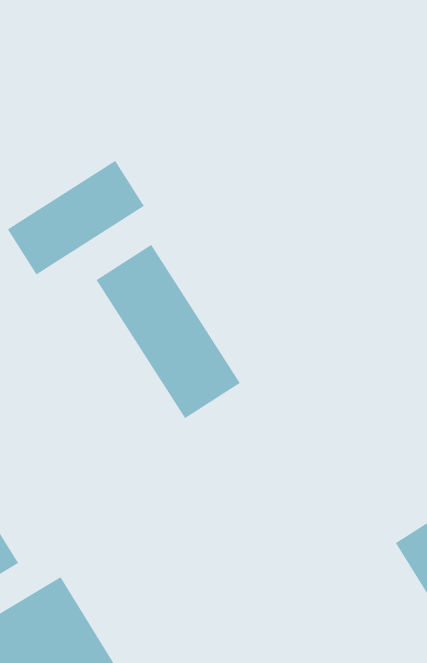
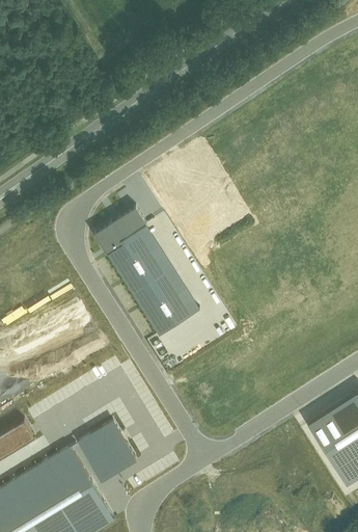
building: [7,160,145,276] -> none
building: none -> [77,421,136,481]

